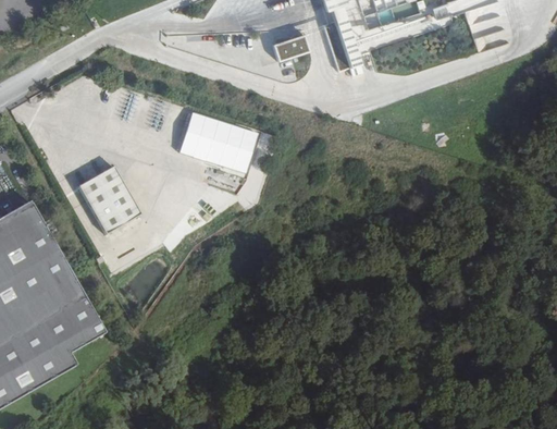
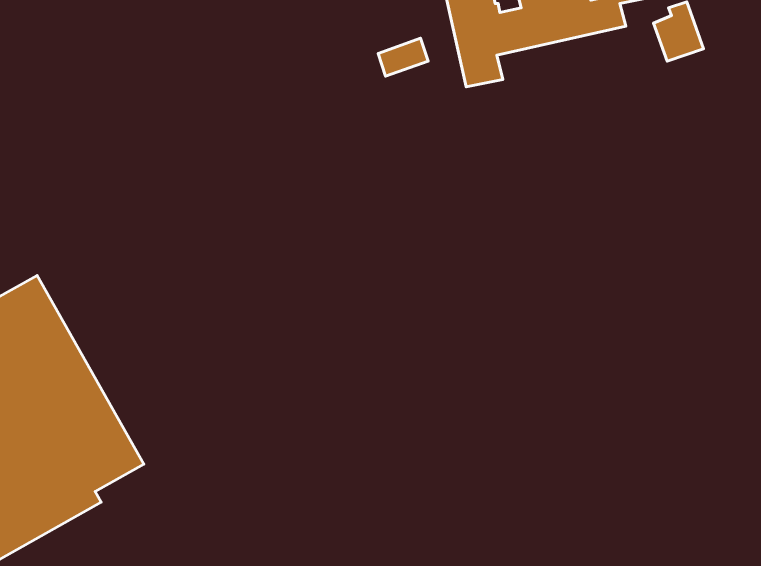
building: [180,111,259,171] -> none
building: [77,164,140,233] -> none

